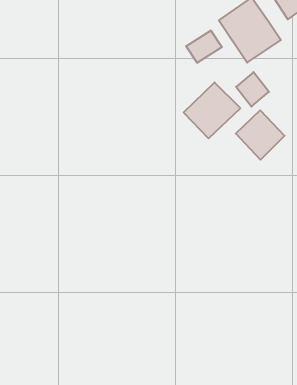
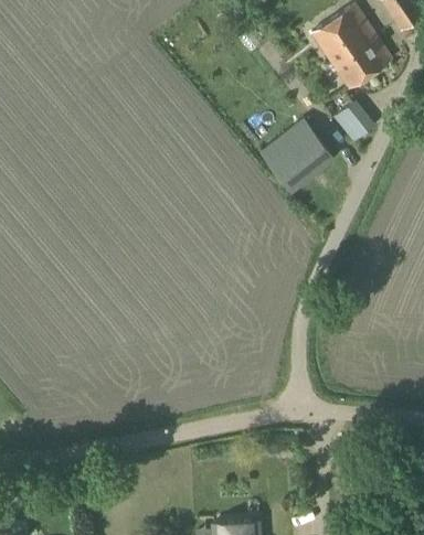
building: [186,30,222,63] -> none
building: [236,110,285,160] -> none

